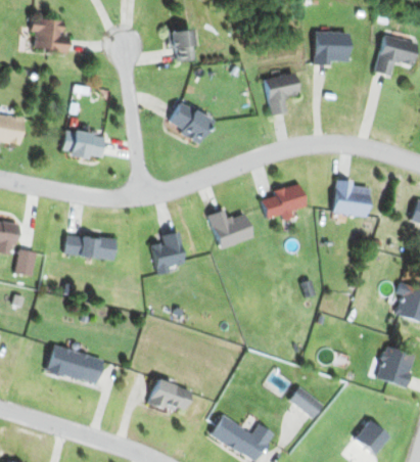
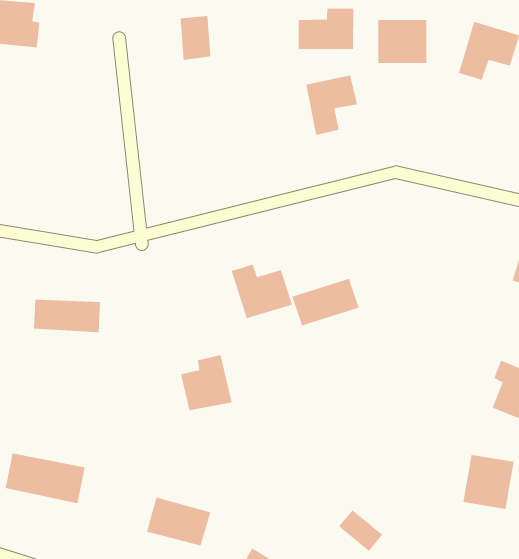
building: none -> [298,8,354,50]
building: [168,102,211,143] -> none
building: [72,133,108,158] -> none
building: [332,180,371,217] -> none
building: [258,184,307,219] -> [292,278,359,326]
building: [150,231,188,272] -> [180,354,232,411]

